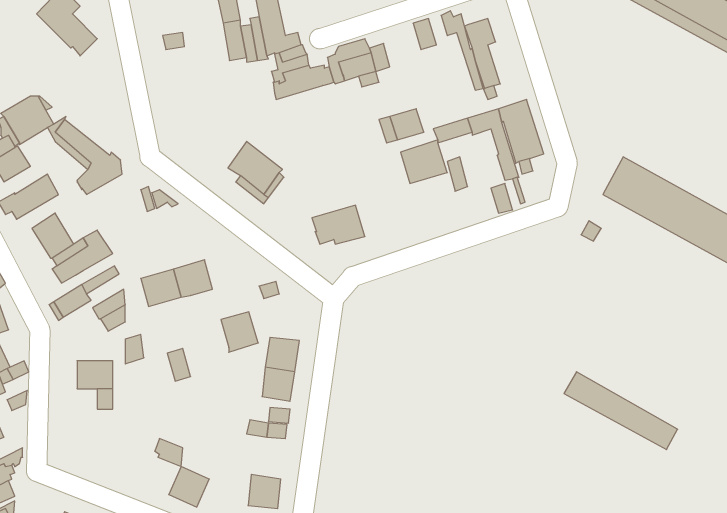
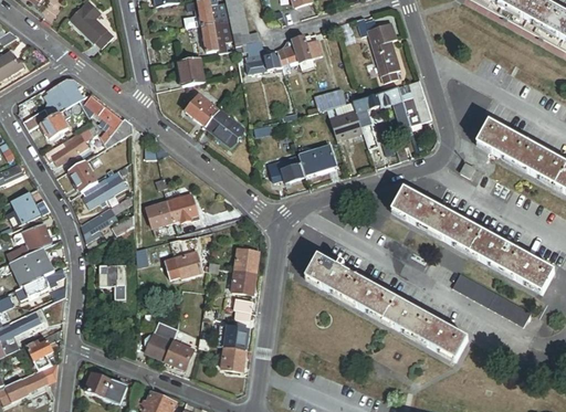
building: none -> [179,55,206,85]
building: none -> [186,93,220,127]
building: none -> [298,144,336,175]
building: none -> [386,189,548,294]
building: [221,312,258,352] -> [175,250,201,278]
building: none -> [298,255,461,361]
building: none -> [223,324,248,348]
building: none -> [145,328,174,359]

